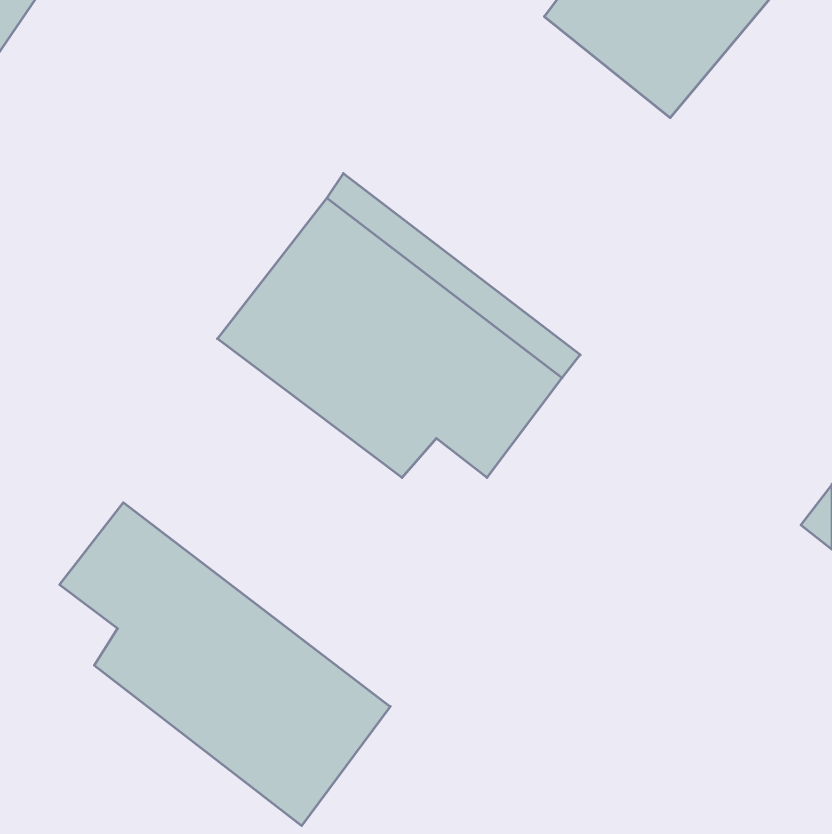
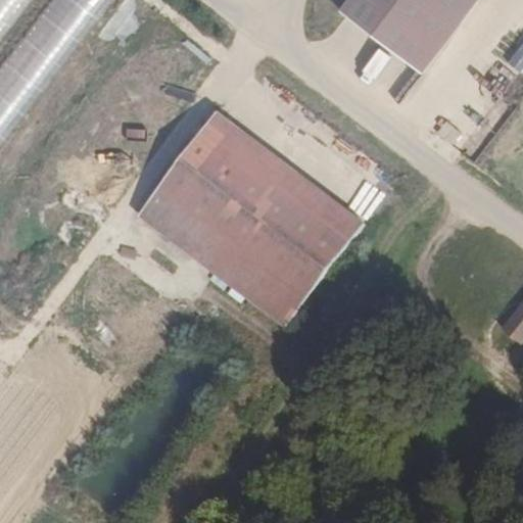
building: none -> [251,274,304,323]
building: [60,503,390,826] -> none

